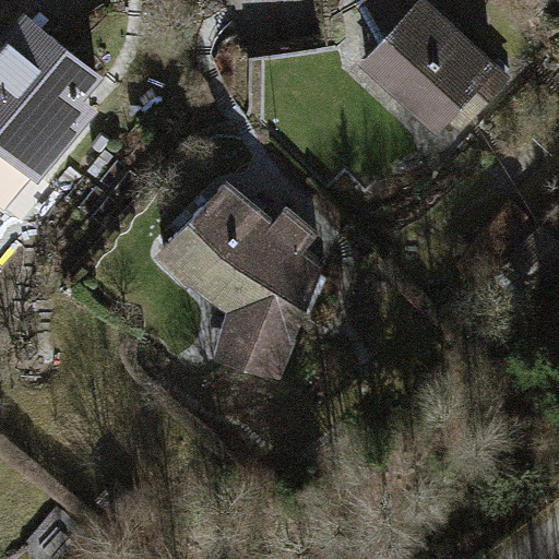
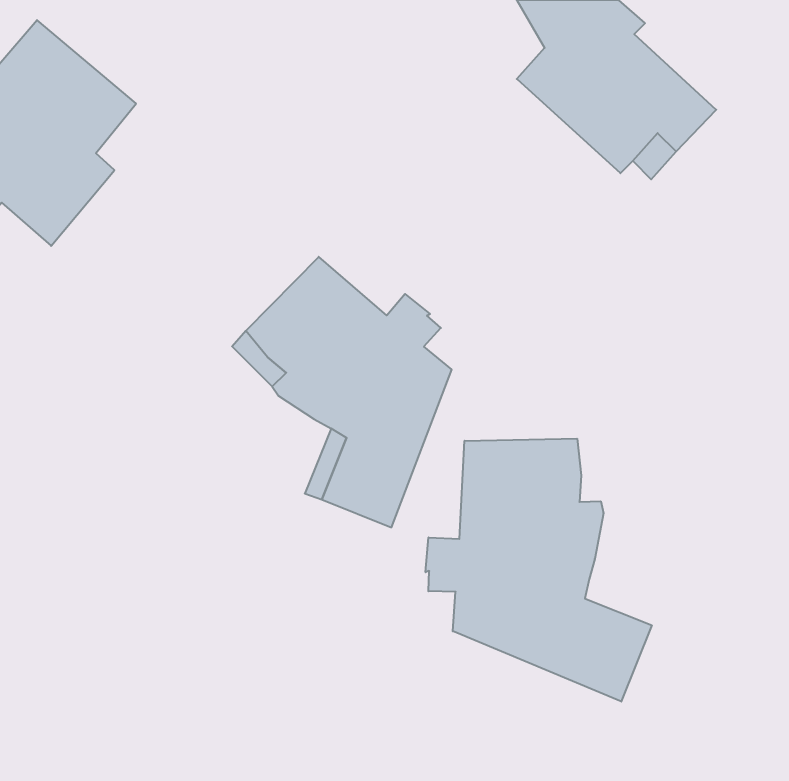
building: none -> [426,439,652,702]

